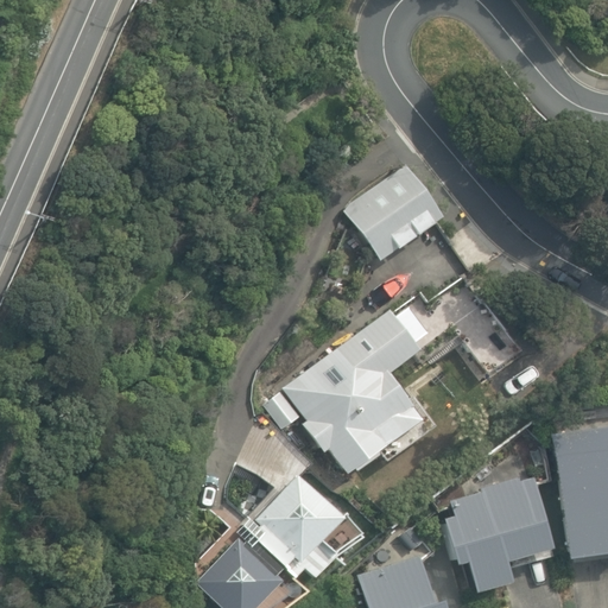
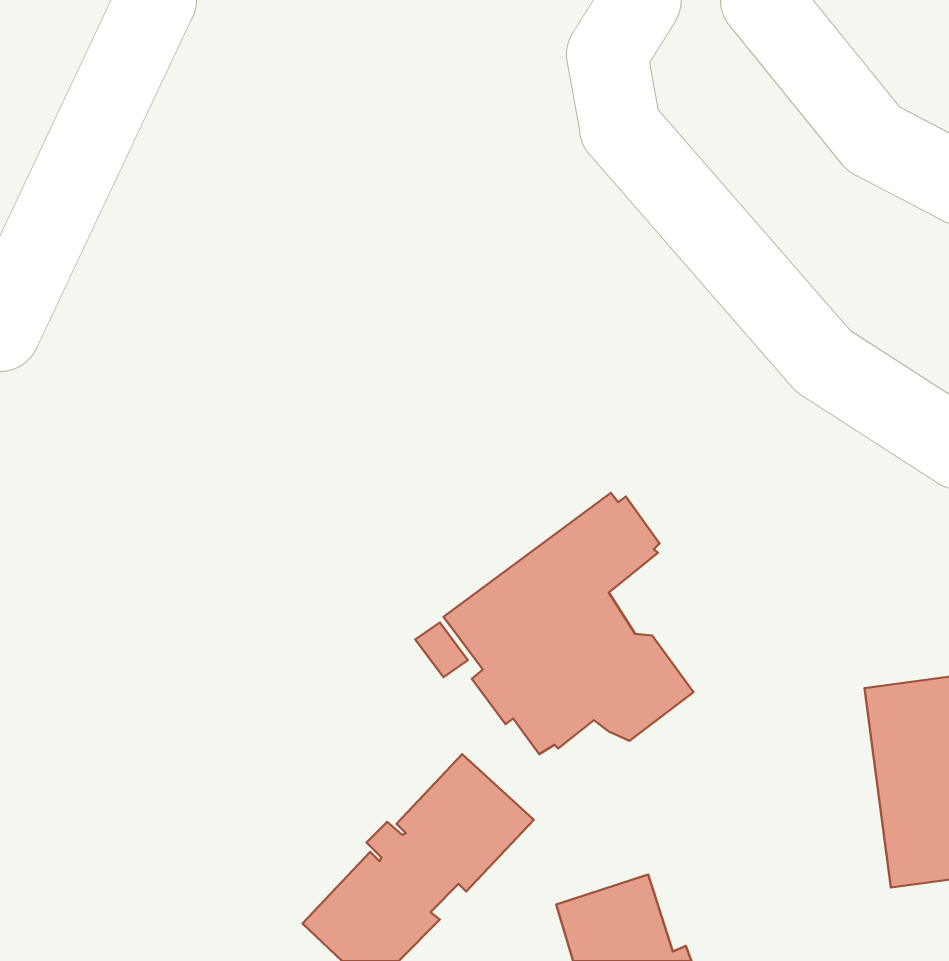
building: [343,162,444,259] -> none
building: [443,473,552,590] -> none

